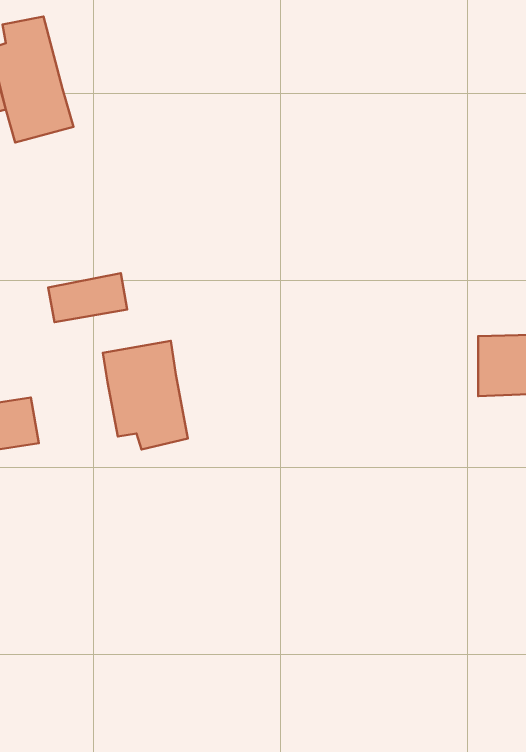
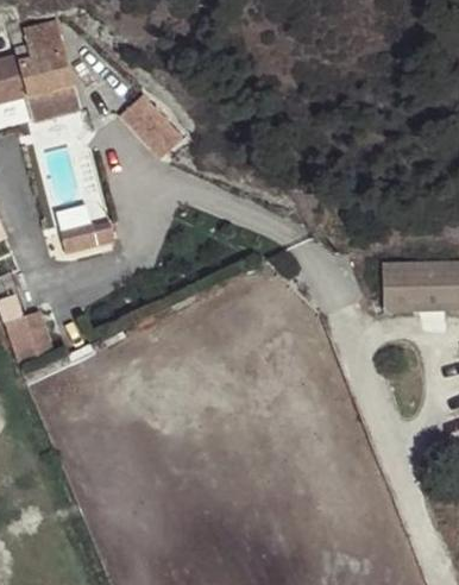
building: none -> [119,94,182,159]
building: [103,341,188,449] -> none

